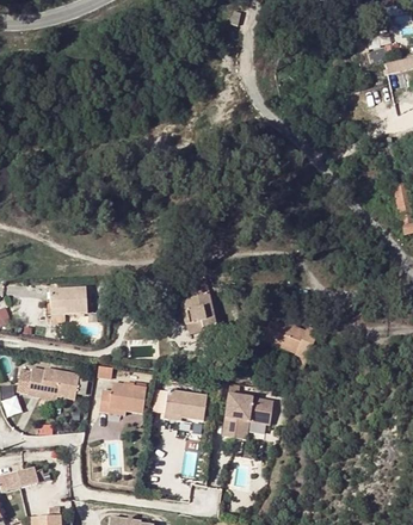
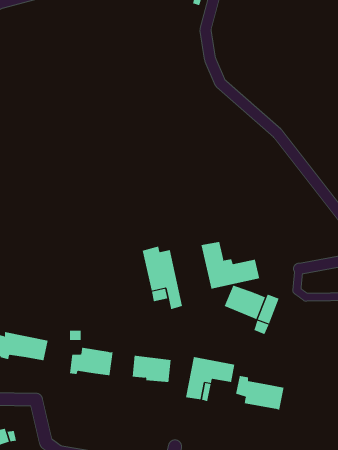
building: none -> [201,241,260,290]
building: [50,286,87,314] -> none
building: none -> [236,375,284,411]

